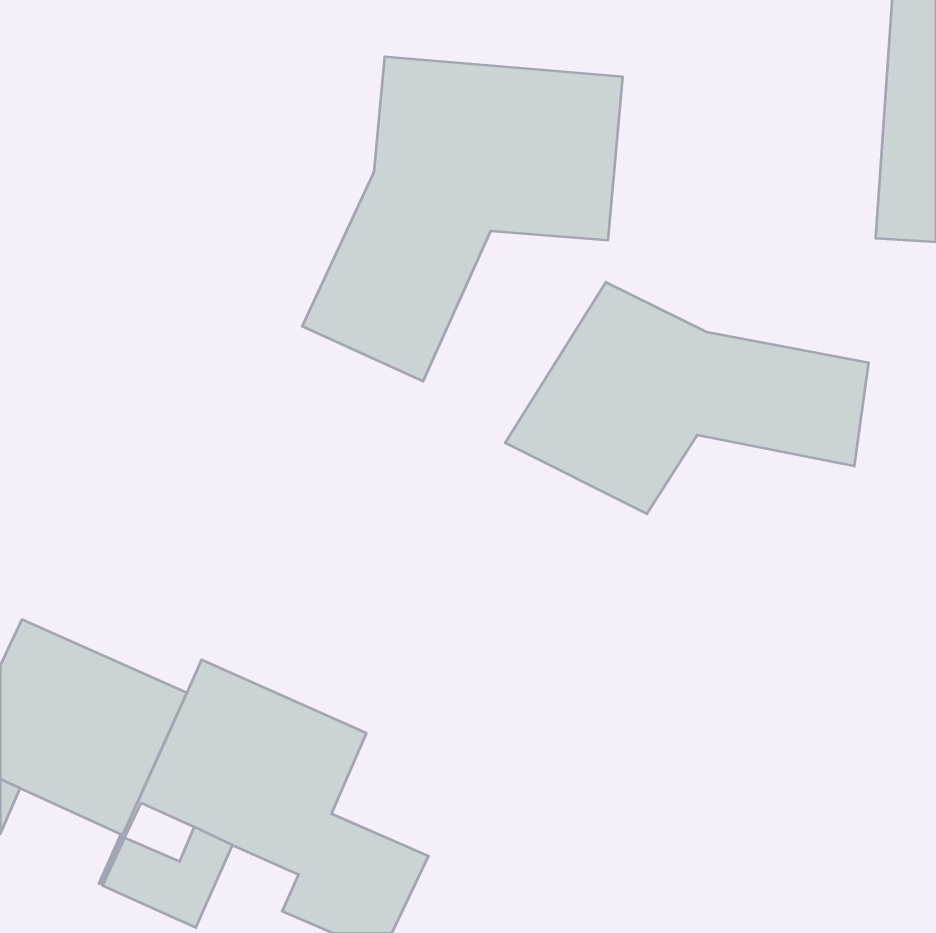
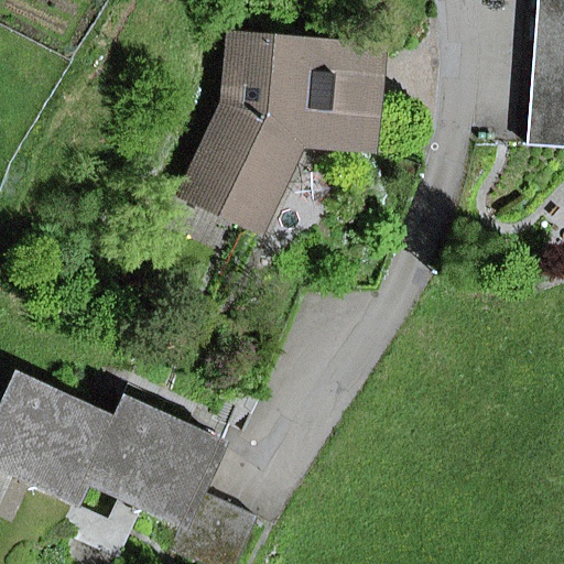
building: [505,282,869,514] -> none

